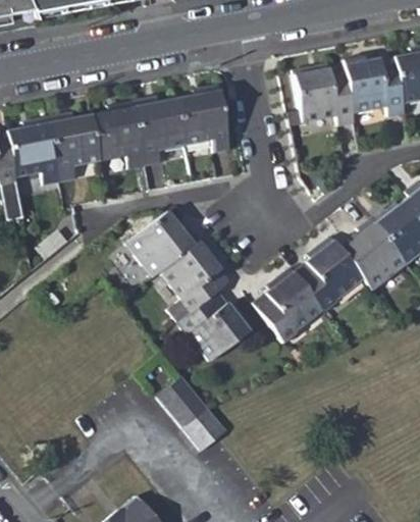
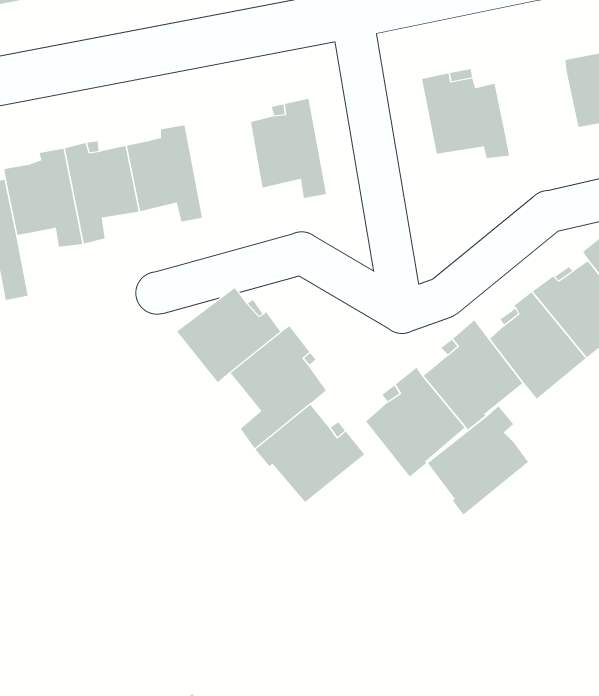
building: [343,56,404,116] -> none
building: [130,98,183,166] -> none
building: none -> [427,405,529,516]
building: [140,355,225,452] -> none

